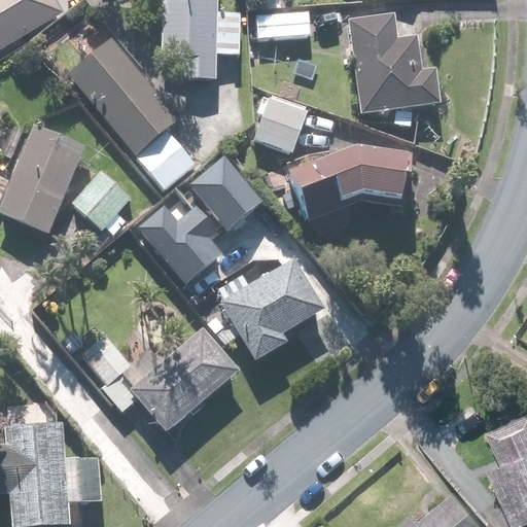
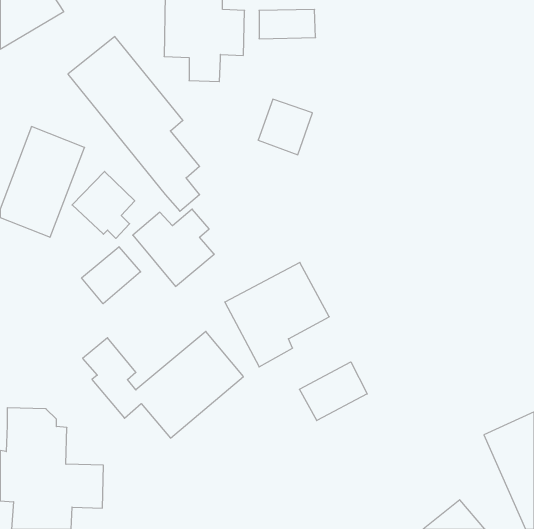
building: [350,12,441,127] -> none
building: [288,148,409,226] -> none
building: [191,155,281,237] -> none
building: none -> [82,247,141,304]
building: none -> [299,362,367,421]

